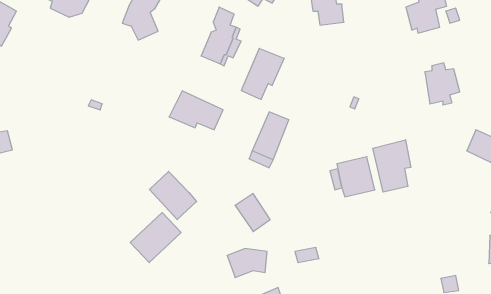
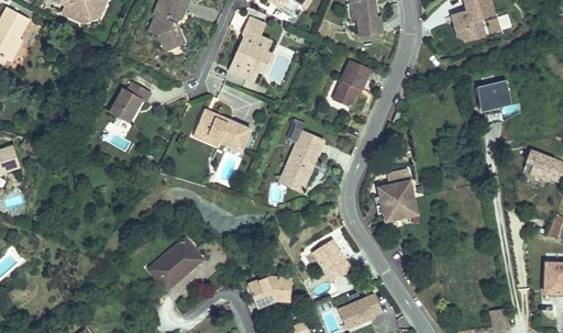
building: [241,48,284,99] -> [324,54,372,110]
building: none -> [102,76,151,122]
building: [373,140,411,192] -> none
building: [149,171,197,220] -> none
building: [235,194,270,232] -> [314,237,353,279]
building: none -> [343,291,386,324]

